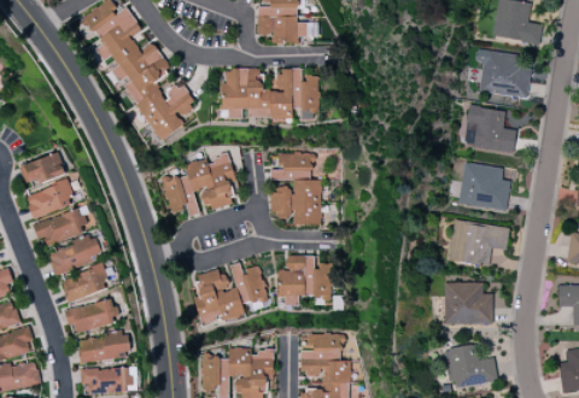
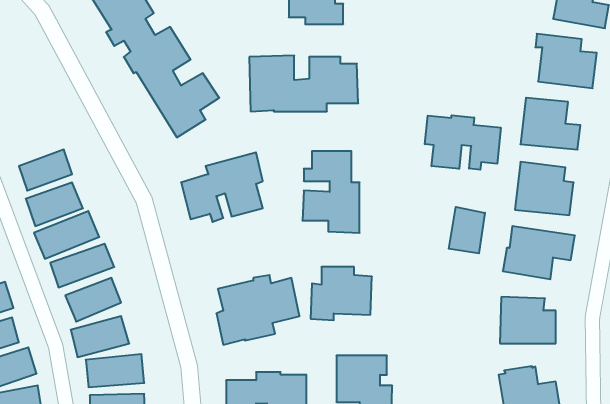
building: none -> [425,115,501,170]
building: none -> [449,207,485,253]

